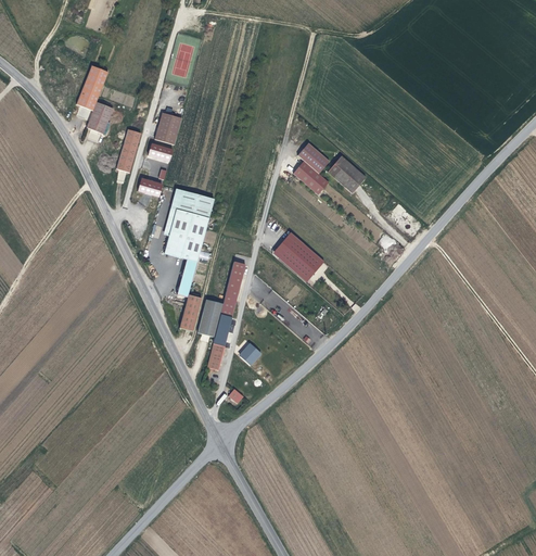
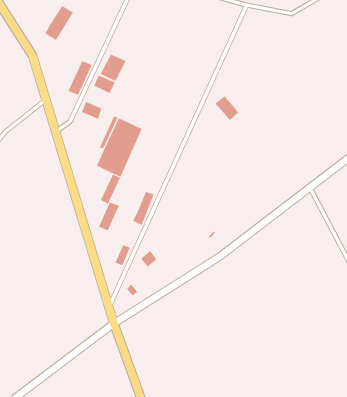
building: [86,101,112,134] -> none
building: [327,152,365,190] -> none
building: [293,157,328,191] -> none
building: [271,231,324,281] -> none
building: [200,299,225,337] -> none

